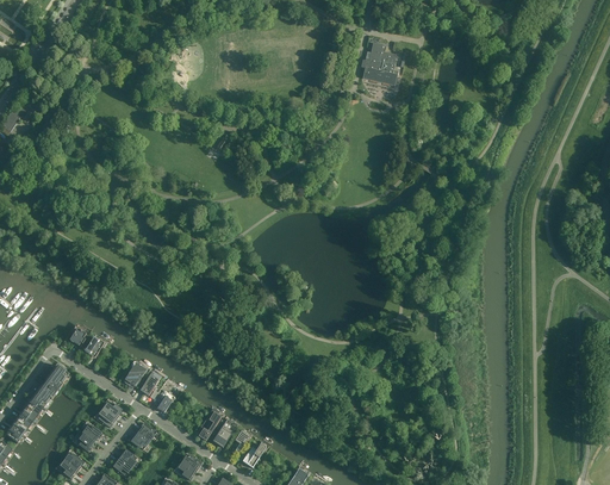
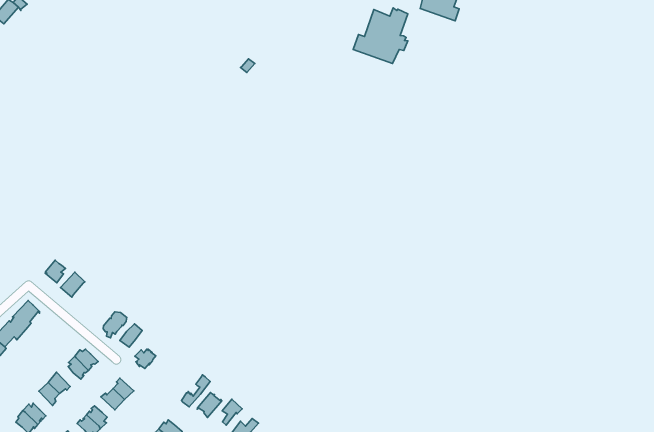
building: none -> [353,8,408,63]

